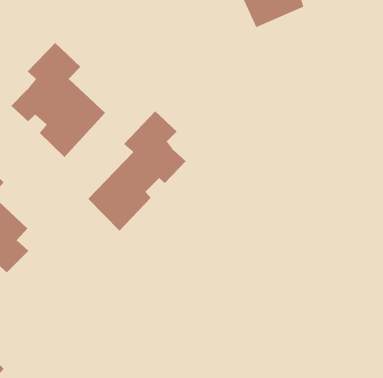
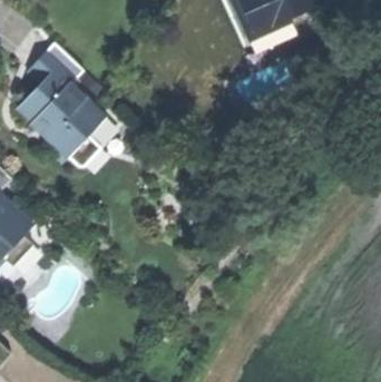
building: [88,111,187,231] -> none

